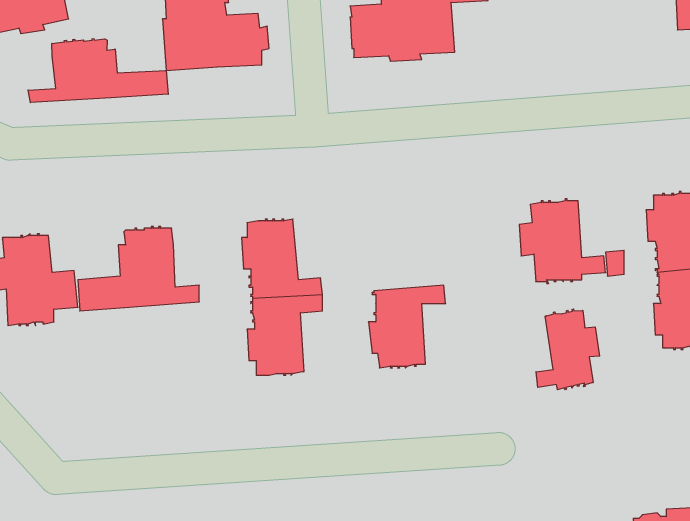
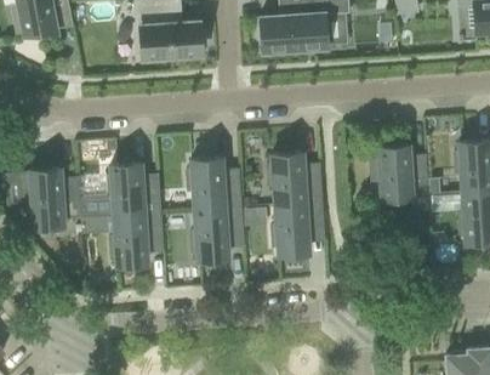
building: [28,39,168,103] -> none
building: none -> [268,152,321,205]
building: none -> [110,212,161,266]
building: [536,309,600,390] -> none

